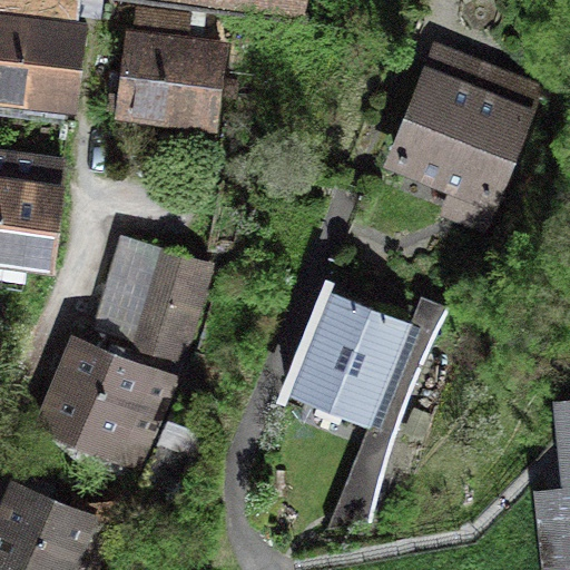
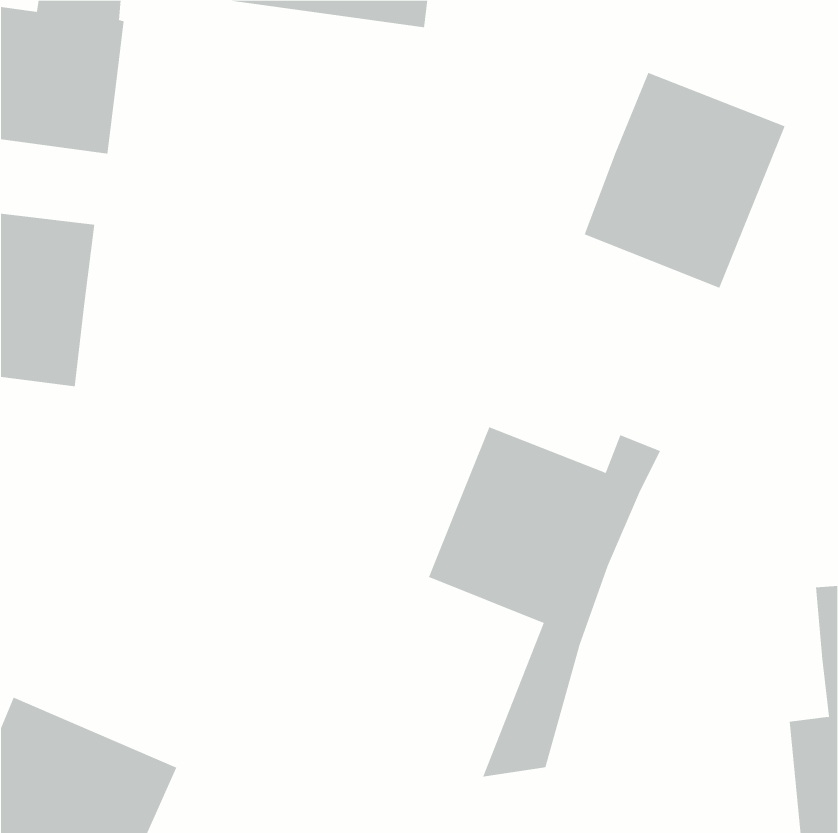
building: [115,16,228,131] -> none
building: [92,237,214,357] -> none
building: [31,335,181,475] -> none

